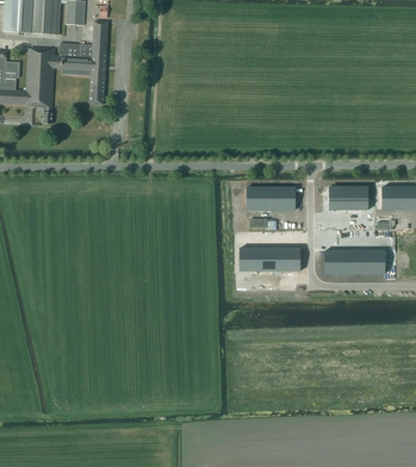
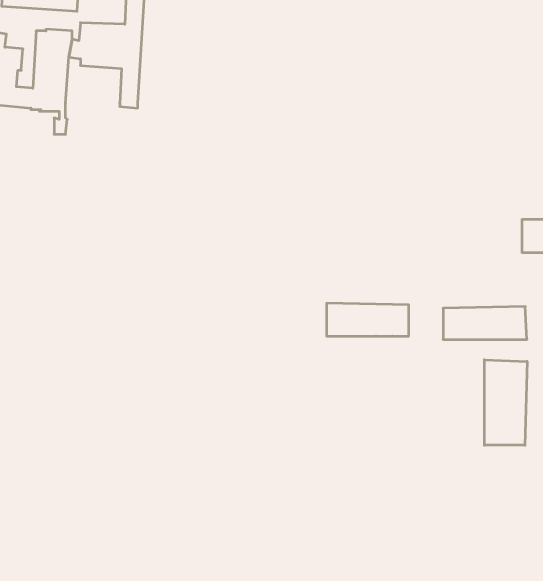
building: [329,186,367,210] -> none
building: [247,187,294,211] -> none
building: none -> [484,360,527,445]

